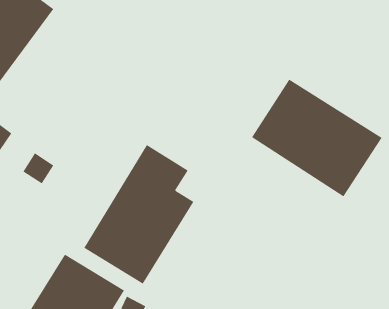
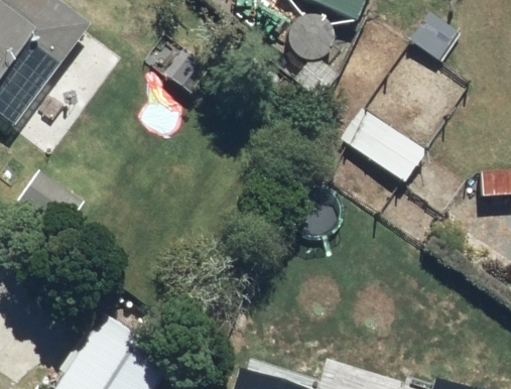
building: [84,144,194,285] -> none

